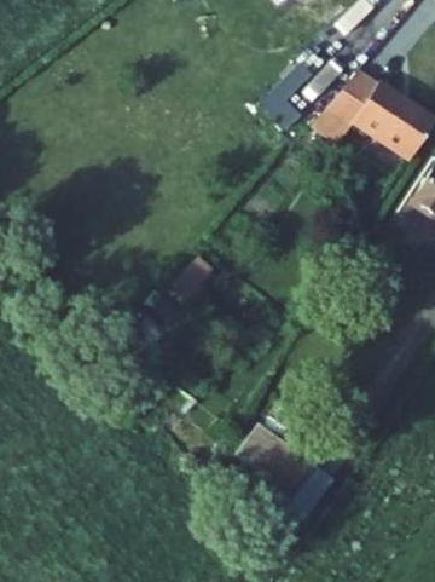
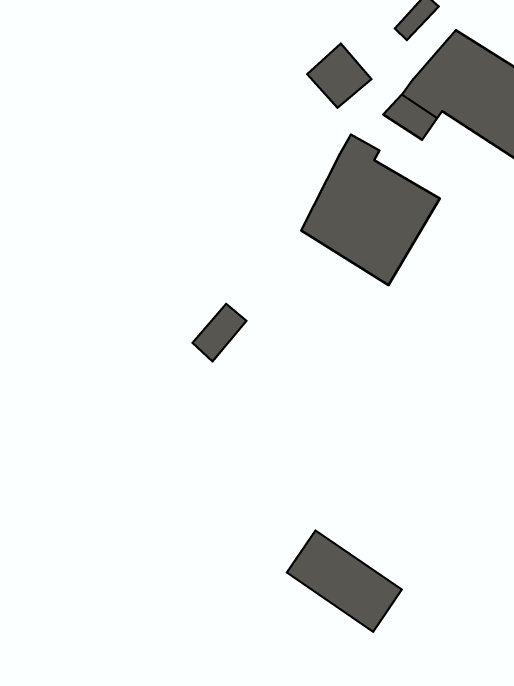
building: none -> [301,134,440,285]

